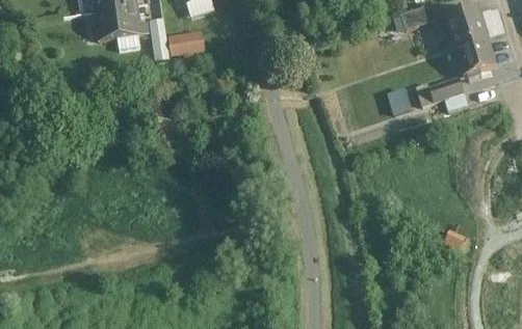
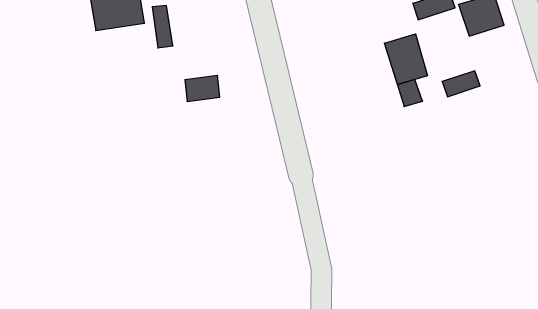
building: [169,27,203,52] -> [185,75,220,101]
building: [453,34,497,76] -> none
building: none -> [384,34,428,85]

